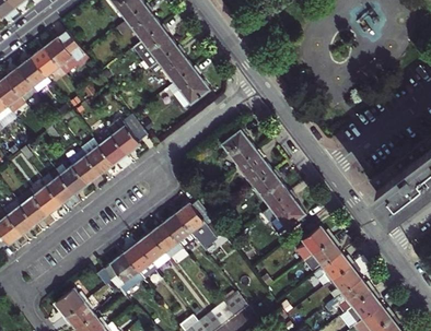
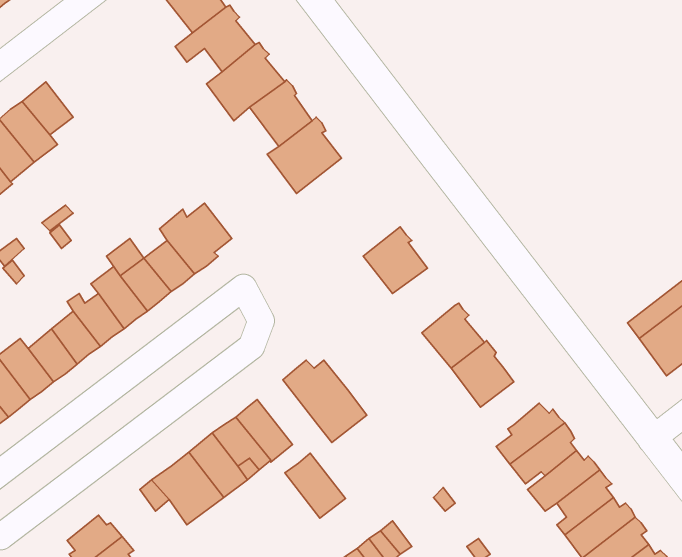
building: [44,32,90,75] -> none
building: [237,151,272,188] -> none
building: [162,214,196,250] -> [285,453,345,518]

